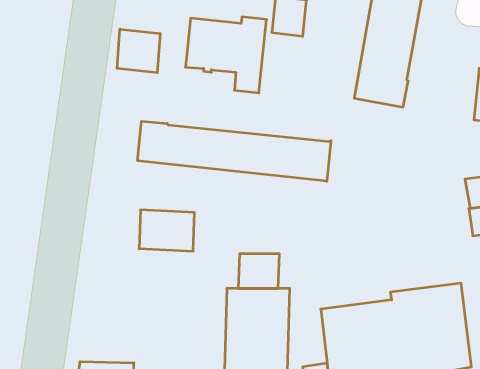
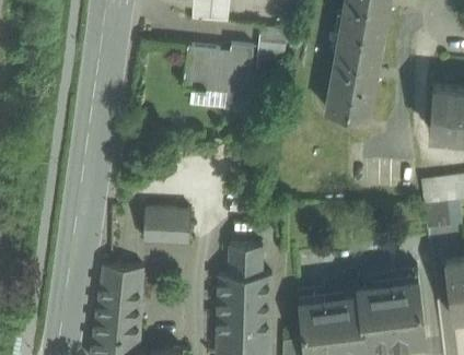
building: [117,29,160,73] -> none
building: [138,121,331,181] -> none
building: none -> [93,267,143,340]

